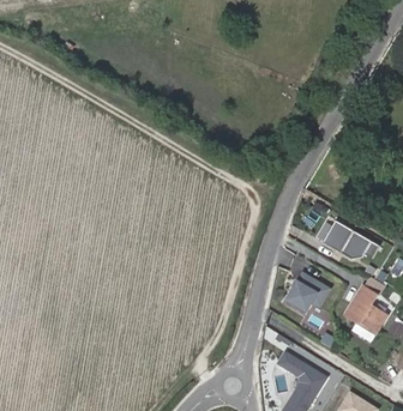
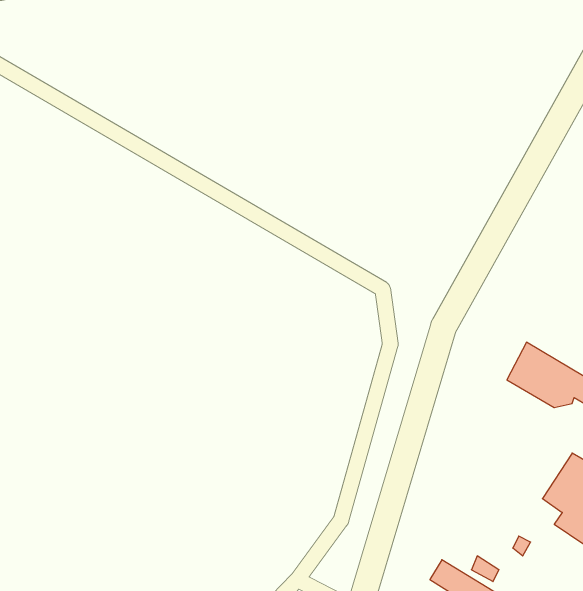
building: [283,270,330,313] -> none

